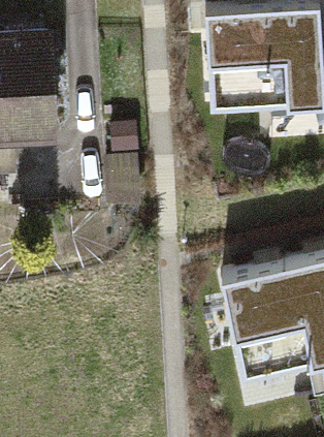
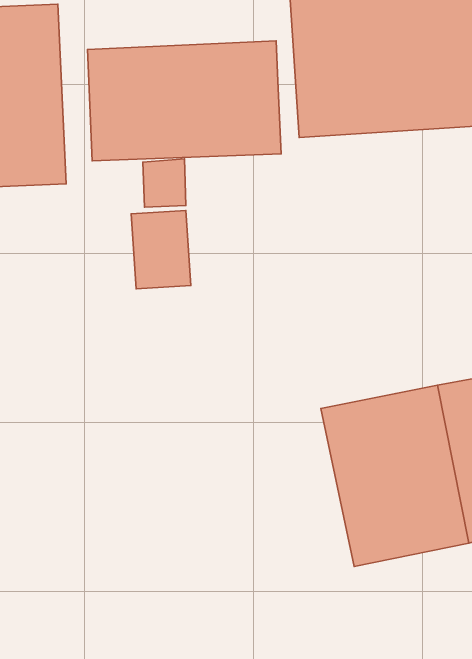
building: none -> [87,41,281,161]

